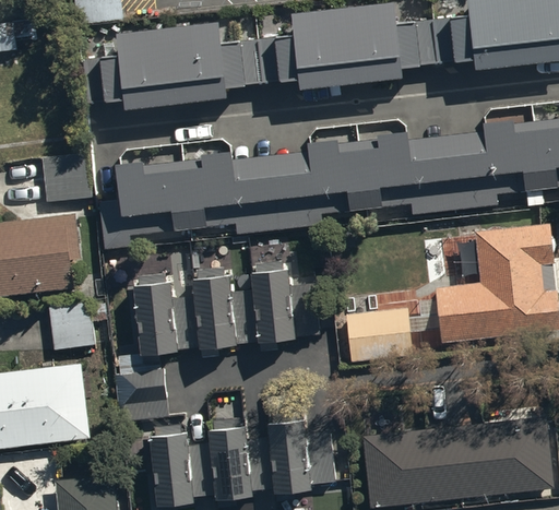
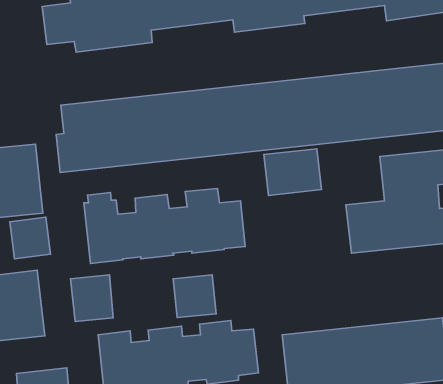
building: [41,152,90,201] -> none
building: [345,307,412,360] -> [264,149,322,195]
building: none -> [173,275,216,318]

